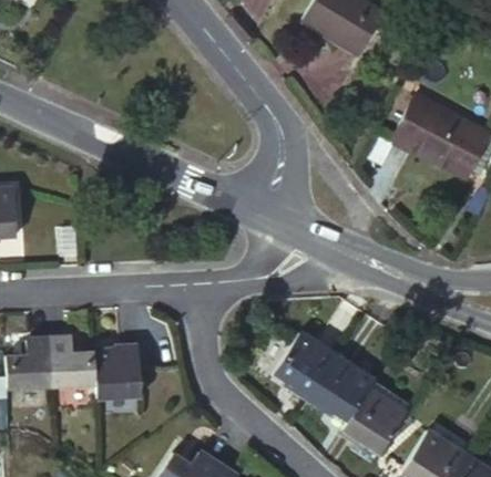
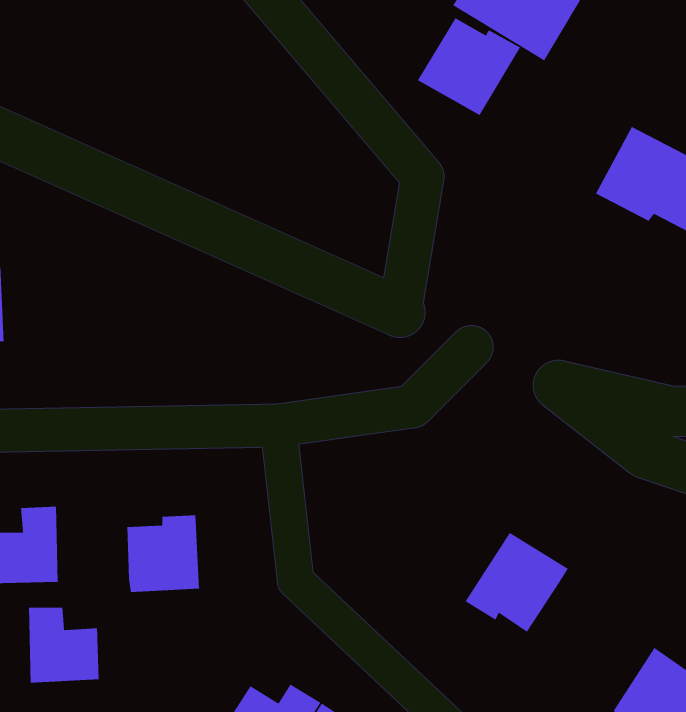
building: none -> [417,17,521,116]
building: [275,331,338,400] -> none
building: [50,339,95,387] -> [28,607,100,683]
building: [341,387,407,453] -> none

